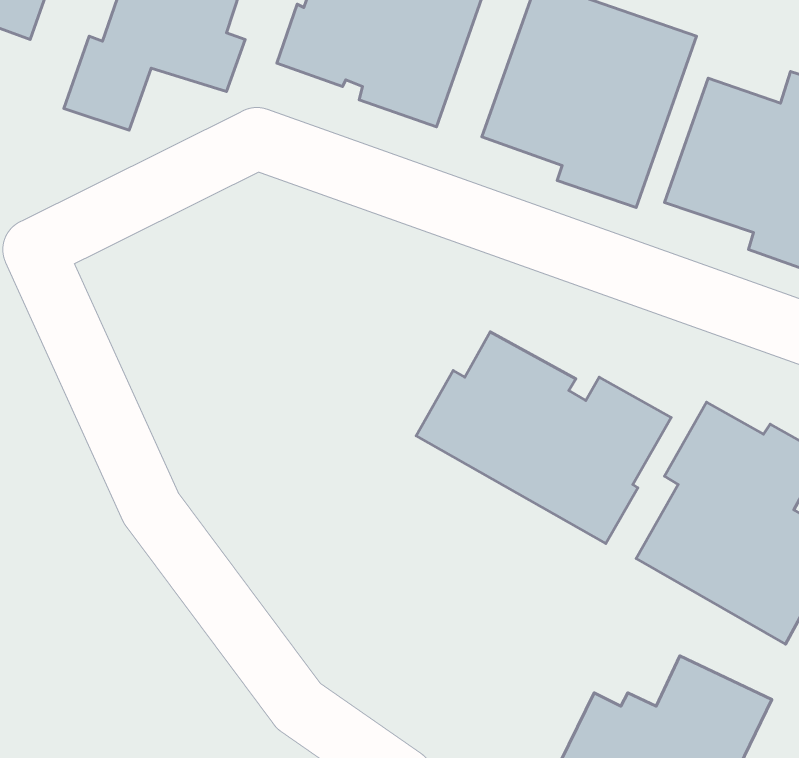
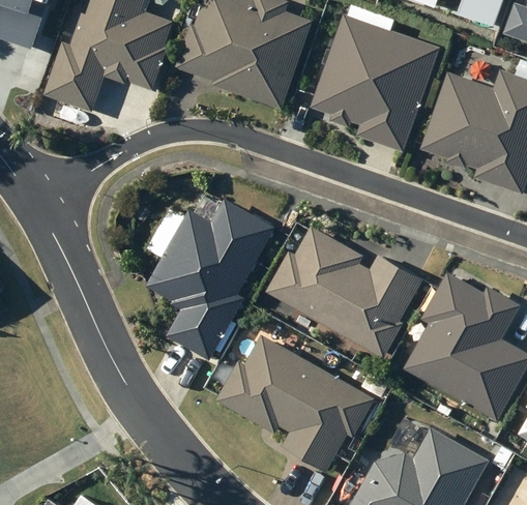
building: none -> [147,204,271,362]
building: none -> [215,332,378,474]

